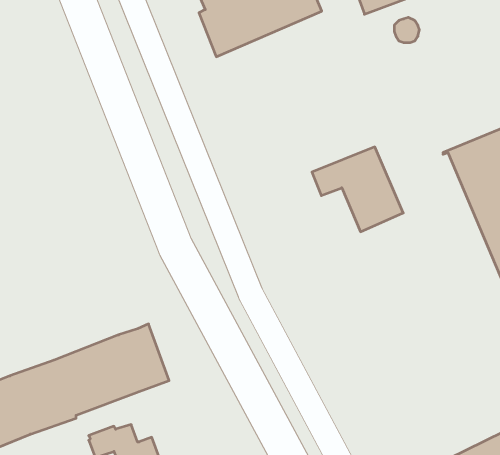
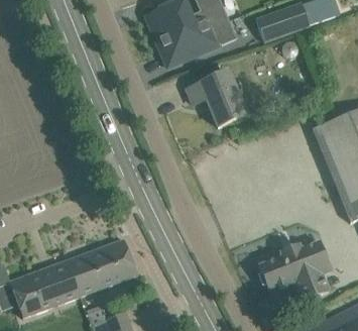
building: [312,147,403,232] -> [187,73,245,127]
building: none -> [259,241,331,302]

